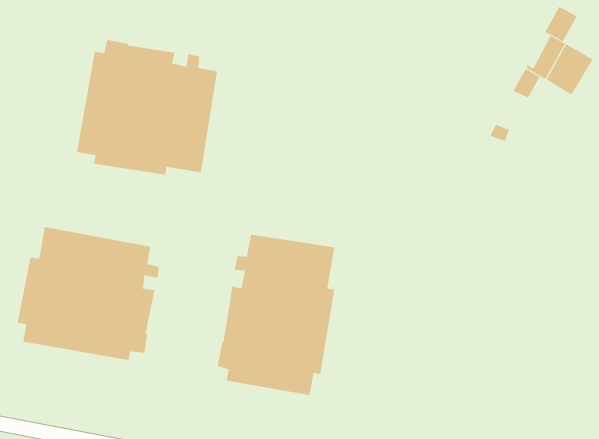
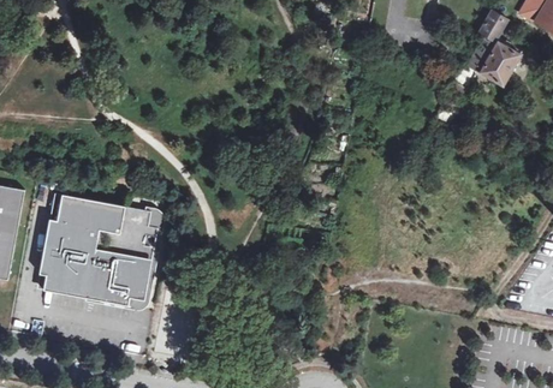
building: [77,39,217,176] -> none
building: [217,234,335,396] -> none

